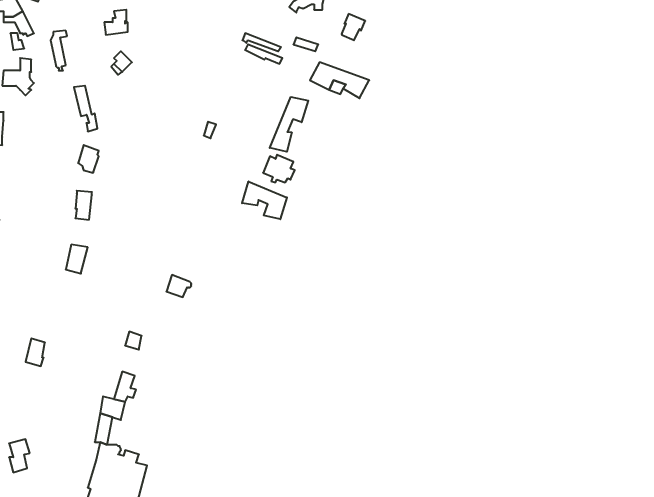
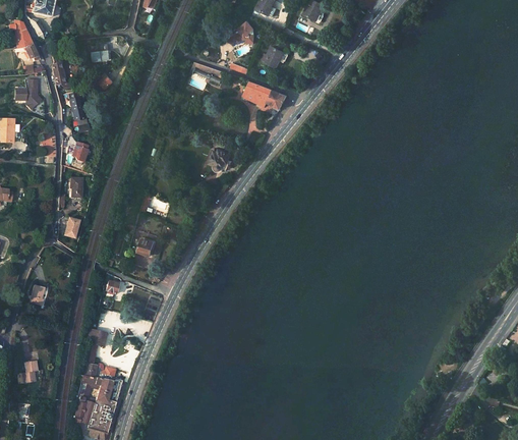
building: [270,97,308,152] -> none
building: [242,181,287,219] -> none

